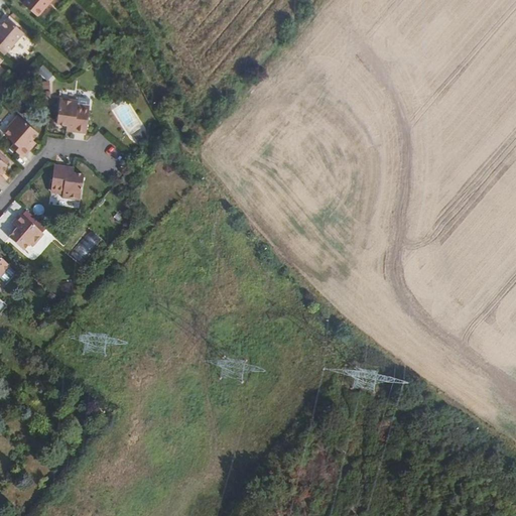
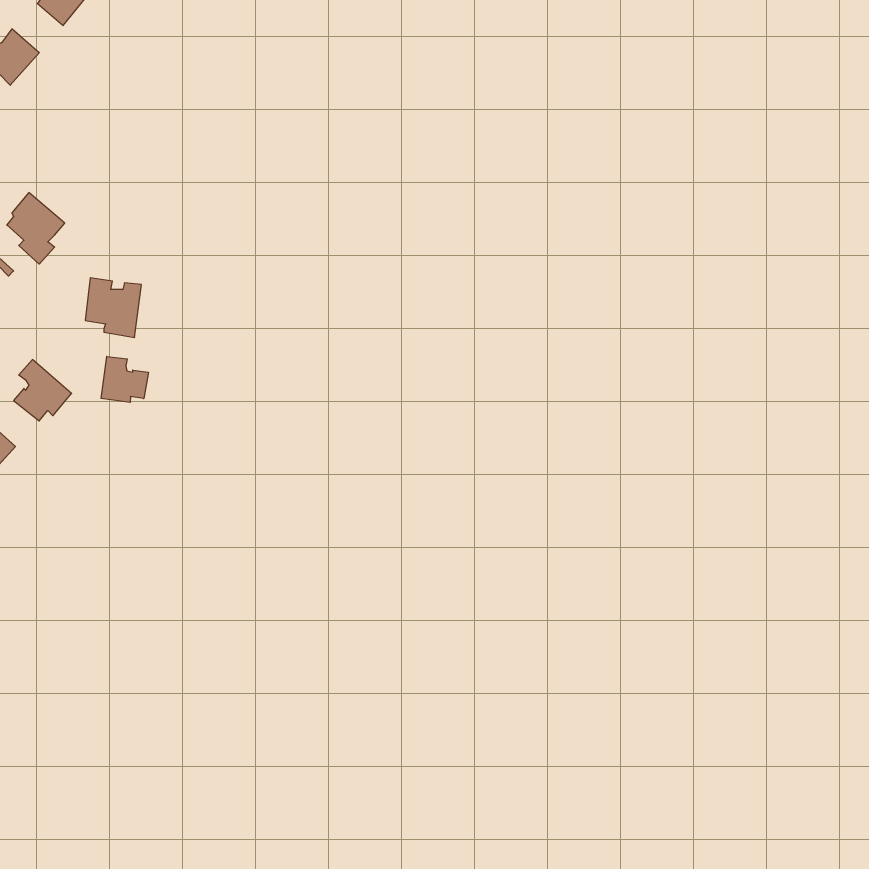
building: [55,98,88,134] -> none
building: none -> [101,356,148,402]

